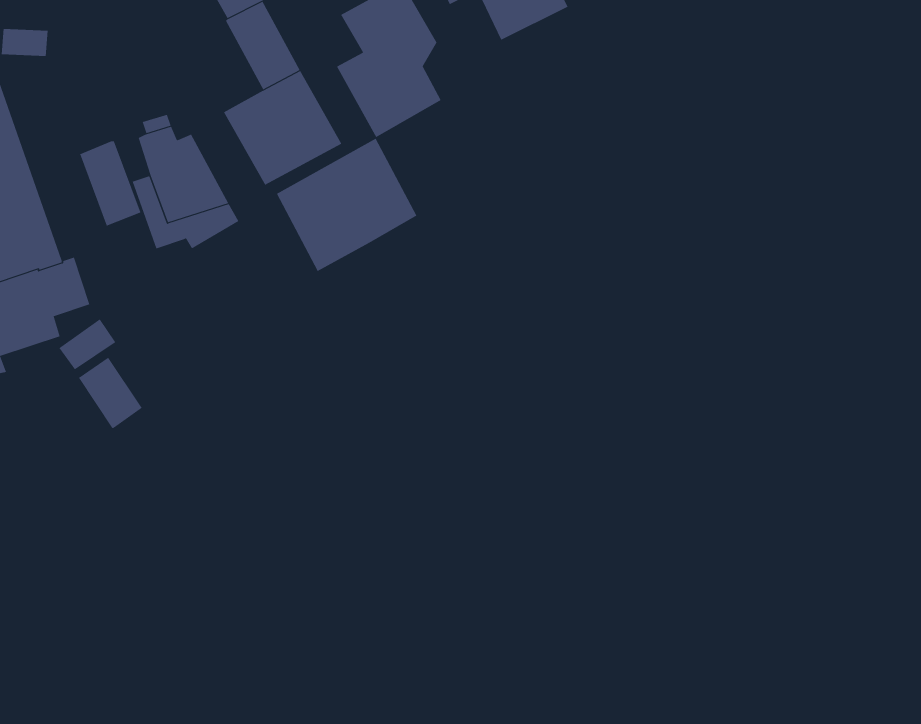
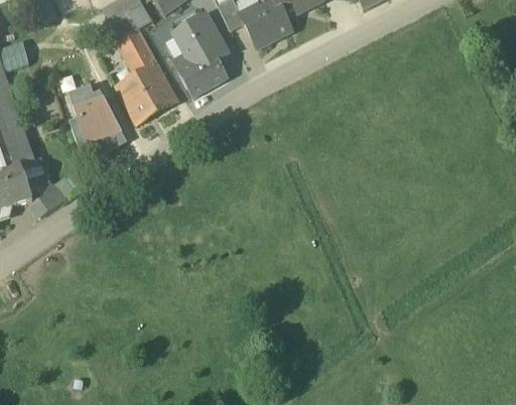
building: [276,138,417,272] -> none
building: [79,140,141,226] -> none
building: [78,357,142,429] -> none

